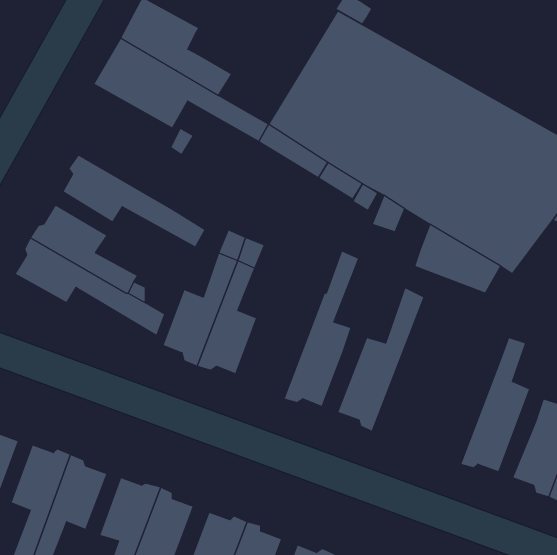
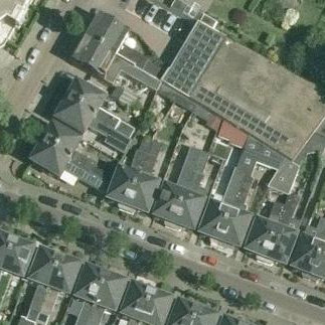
building: none -> [63,82,135,137]
building: none -> [153,145,201,225]
building: none -> [268,156,300,194]
building: none -> [217,172,253,247]
building: none -> [246,201,285,260]

